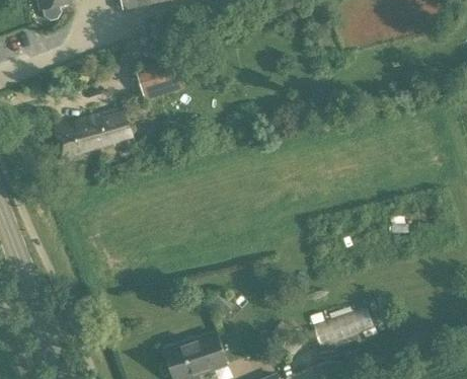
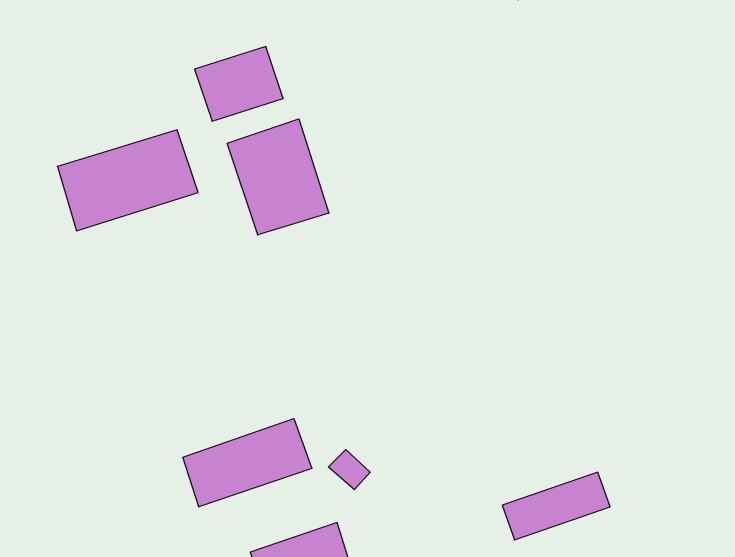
building: none -> [227,119,329,235]
building: none -> [183,419,312,507]

